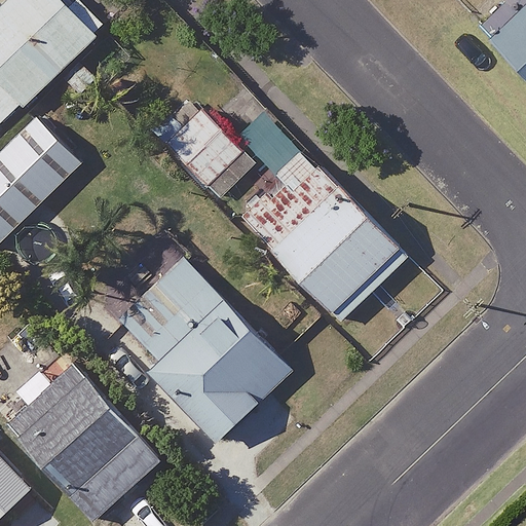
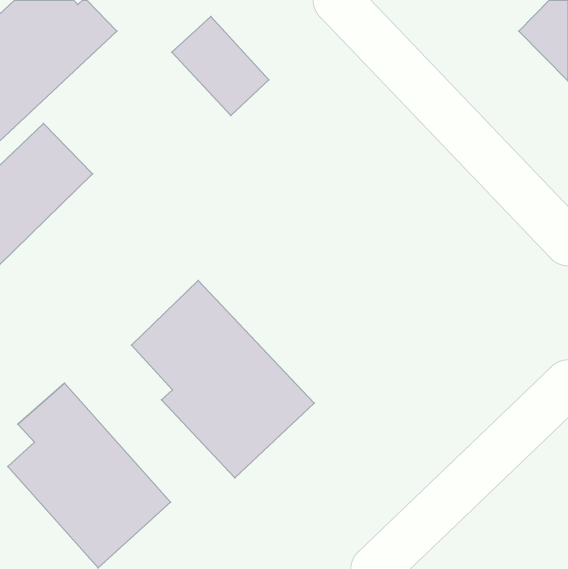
building: [154,97,243,188] -> [172,16,269,115]
building: [237,149,410,323] -> none

